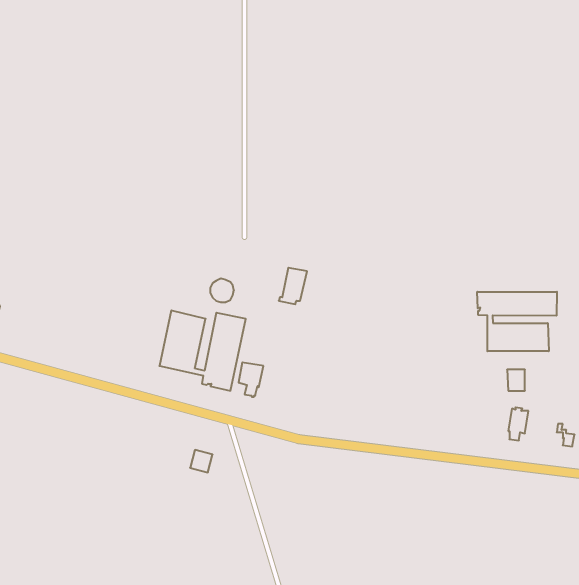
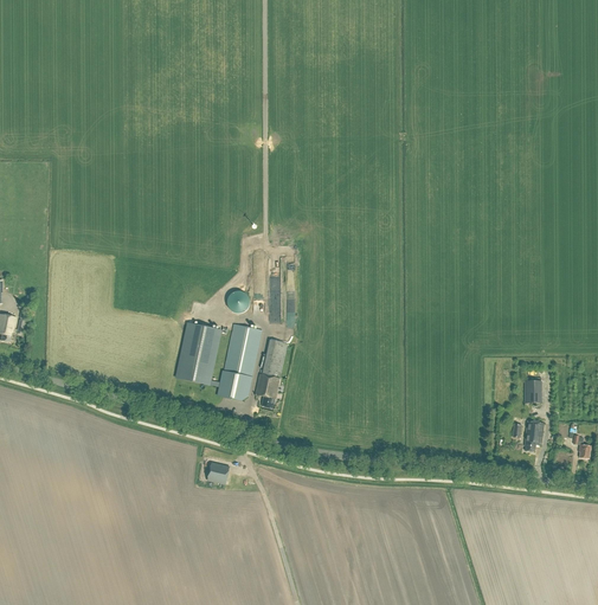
building: [279,268,307,304] -> [259,339,288,375]
building: [477,292,557,351] -> none

